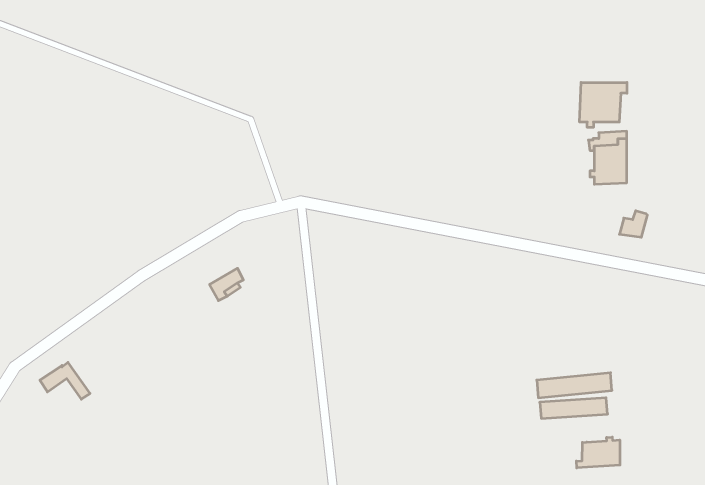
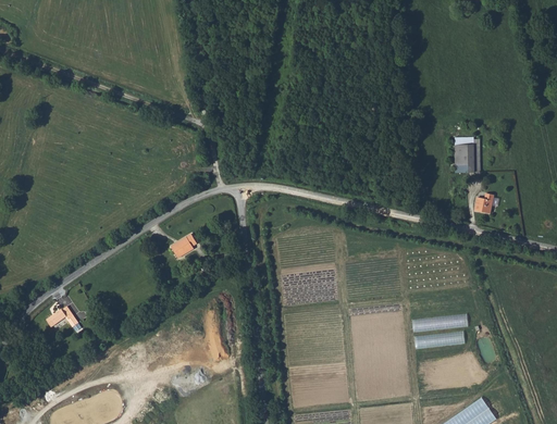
building: [580,82,627,127] -> none
building: [576,437,620,468] -> none

